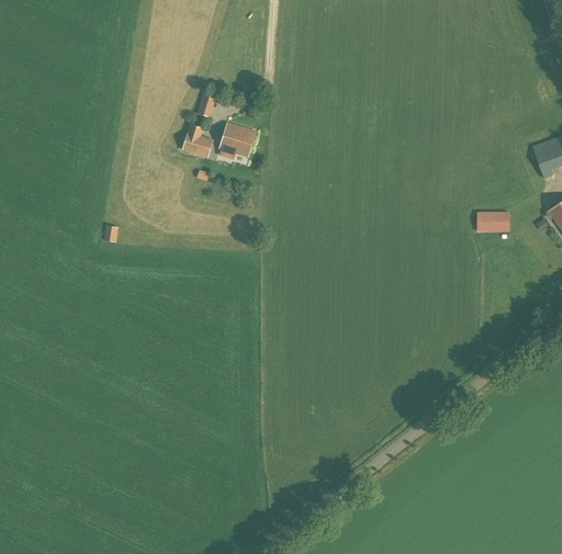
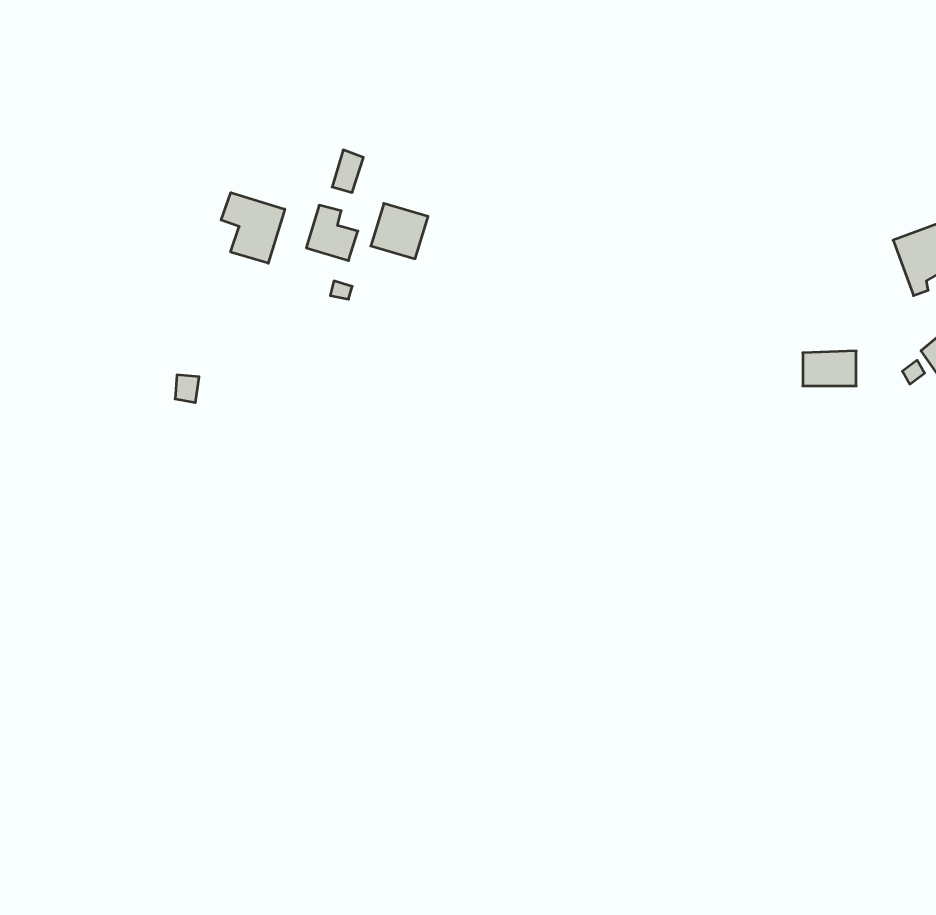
building: none -> [221,193,285,263]

